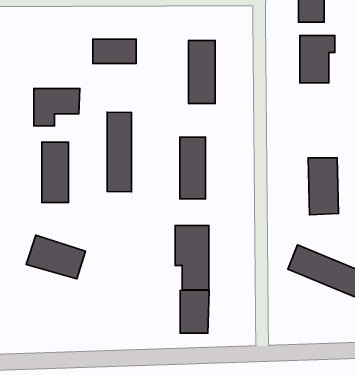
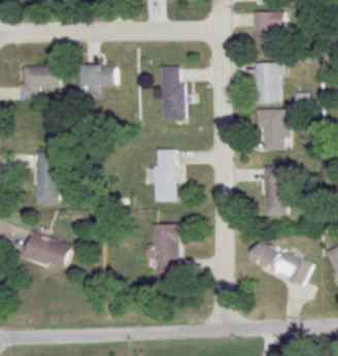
building: [34,88,80,126] -> [21,65,60,97]
building: none -> [258,109,286,151]
building: [107,112,131,192] -> none
building: [180,290,209,333] -> none

